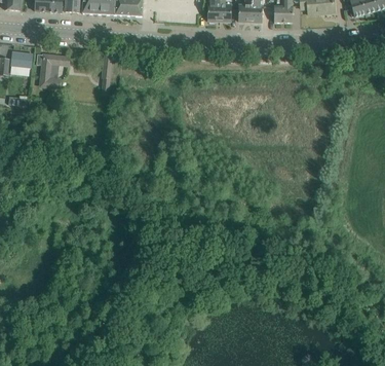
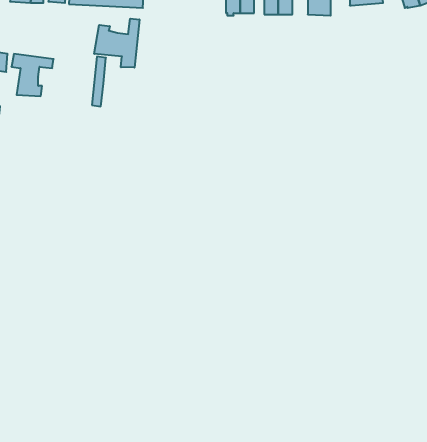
building: none -> [94,19,139,68]

